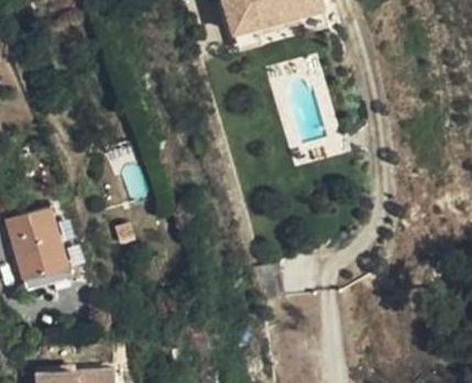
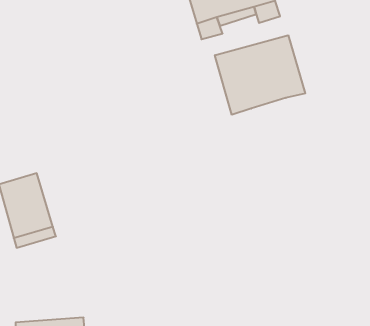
building: none -> [215,35,305,115]

